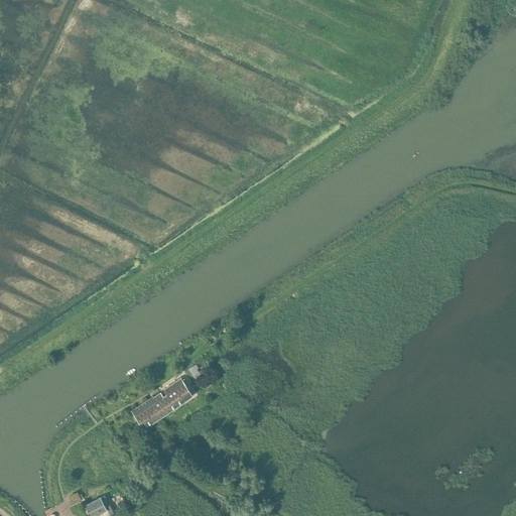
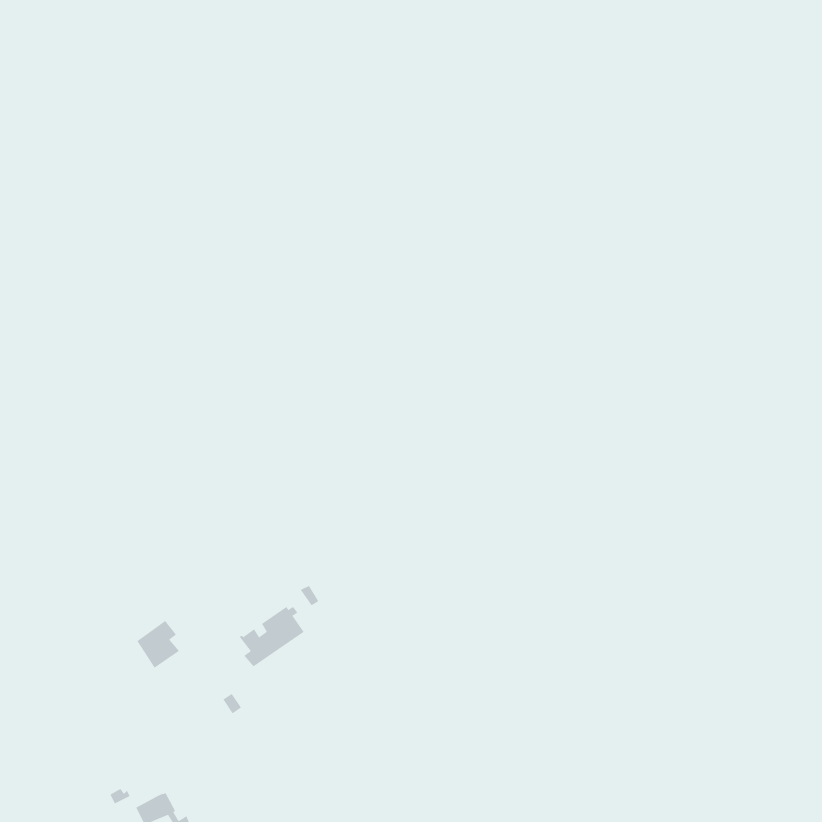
building: [131,399,158,429] -> [136,620,180,668]

